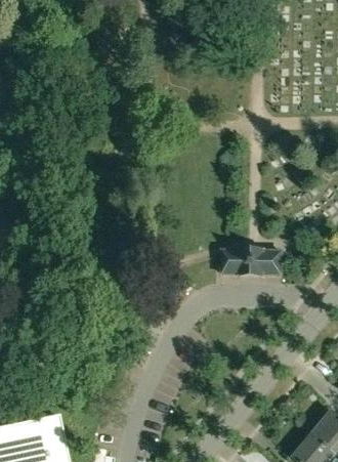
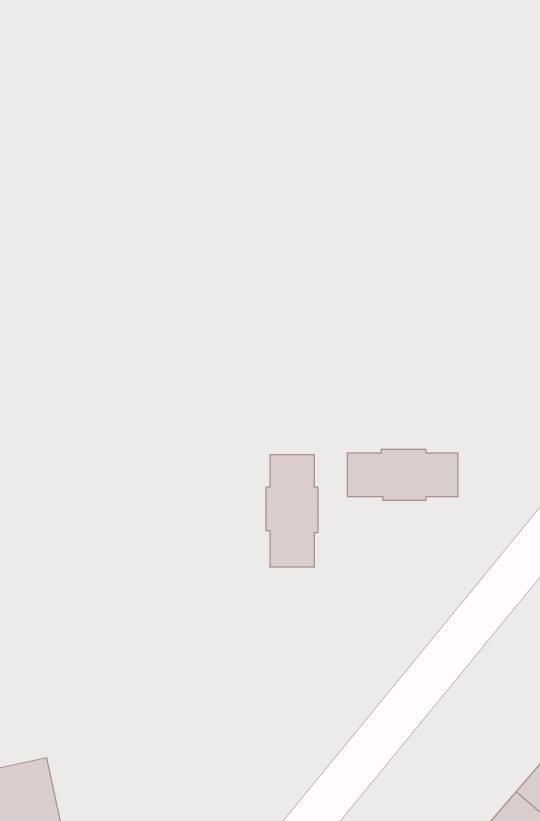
building: none -> [266,454,318,567]

